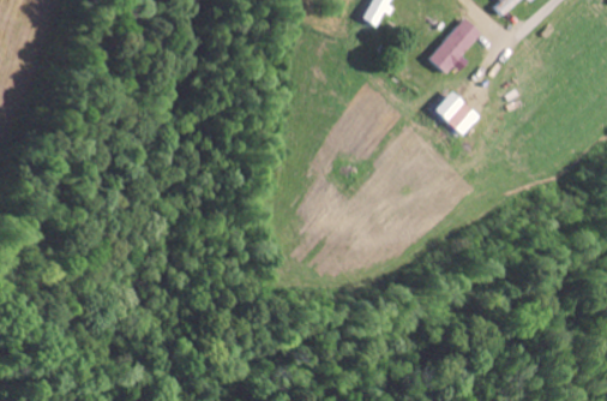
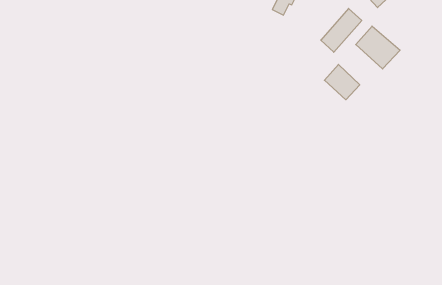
building: none -> [356,26,400,69]

